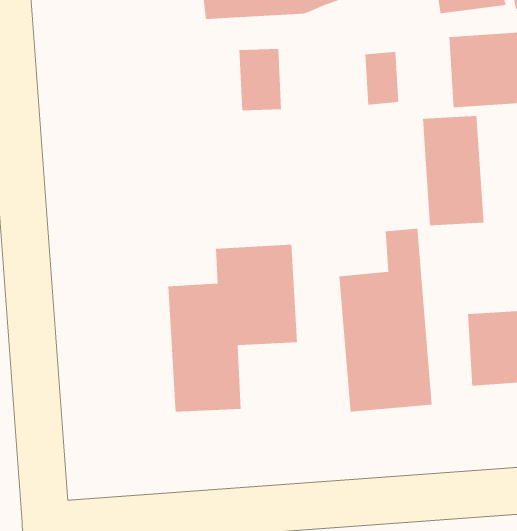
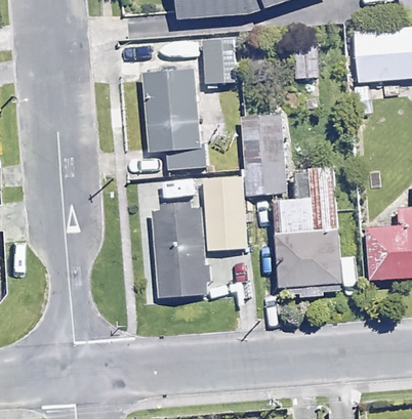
building: none -> [147,69,201,169]
building: [422,116,484,226] -> [242,116,286,194]

